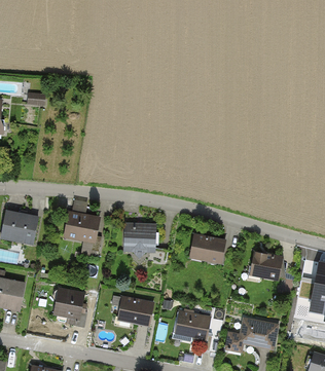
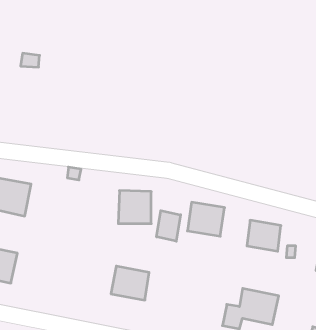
building: [63,212,100,246] -> none
building: none -> [157,211,181,241]
building: [53,288,85,320] -> none
building: [174,310,211,343] -> none

